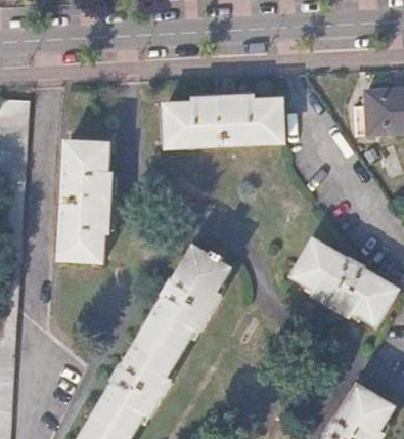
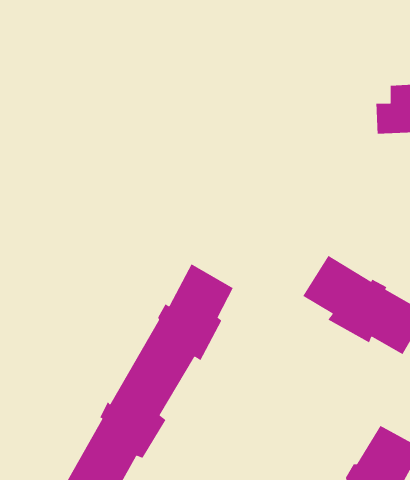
building: [163,96,284,146] -> none
building: [60,141,114,260] -> none

